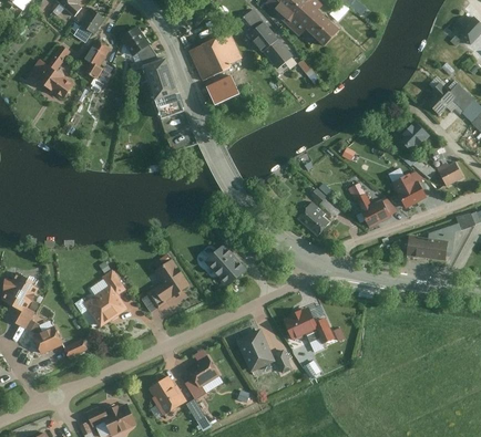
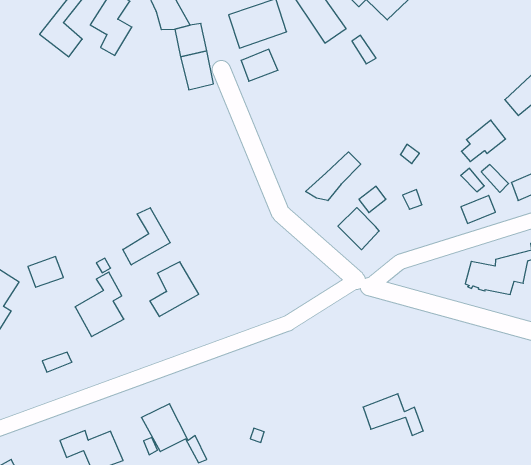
building: none -> [306,152,361,201]
building: [359,199,390,226] -> none
building: none -> [123,208,170,265]
building: [206,229,247,285] -> none
building: [283,309,334,342] -> [363,394,423,435]
building: [33,326,63,353] -> [28,257,63,287]
building: [238,331,290,373] -> none
building: [186,357,218,398] -> none

